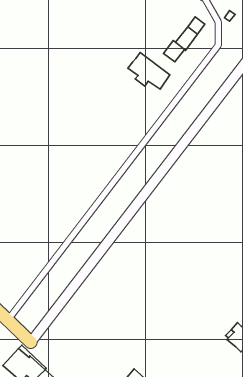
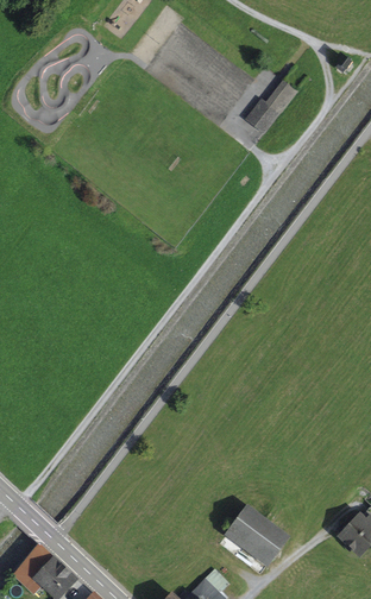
building: [128,52,170,89] -> none
building: none -> [228,507,287,561]

